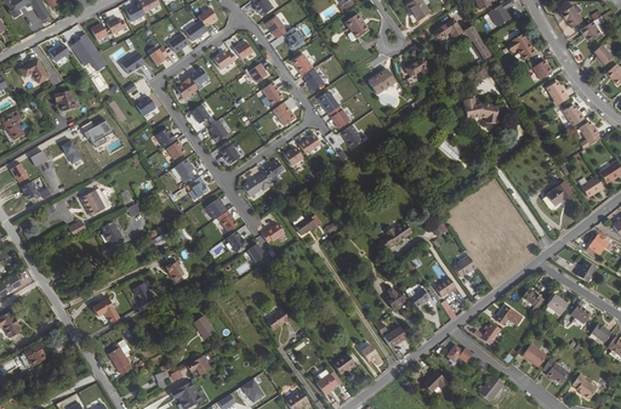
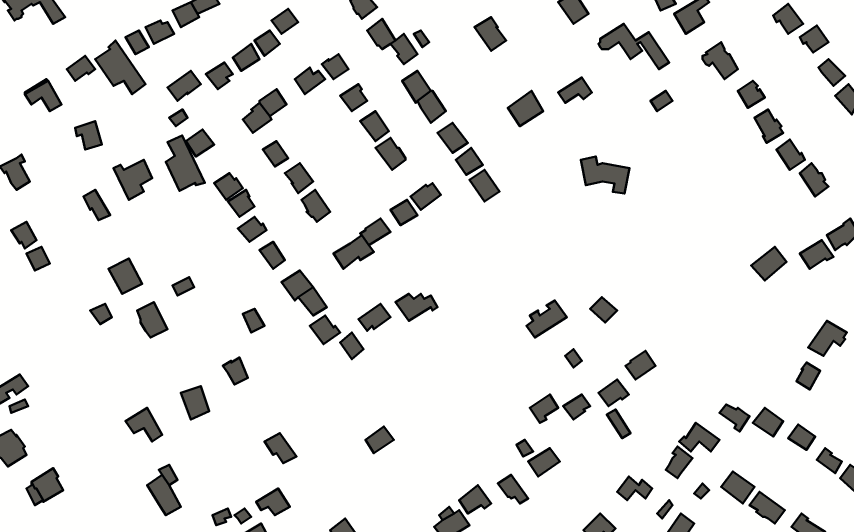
building: [463,98,498,125] -> [581,157,630,193]
building: none -> [166,136,205,191]

